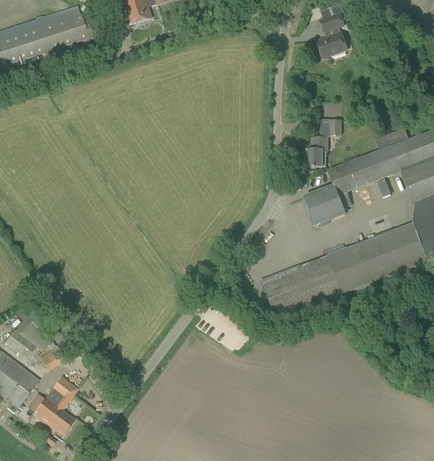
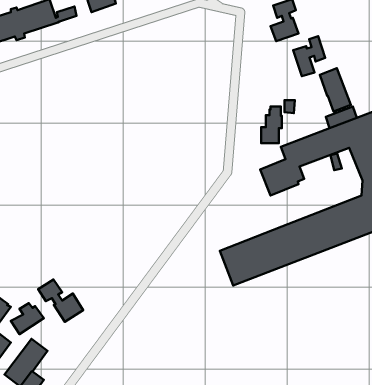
building: none -> [293,36,325,76]
building: none -> [320,68,351,111]
building: none -> [38,279,83,322]

